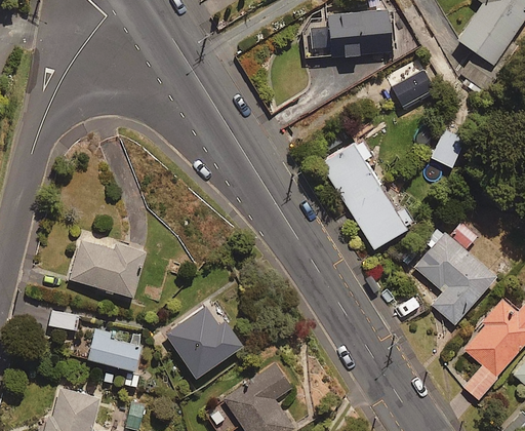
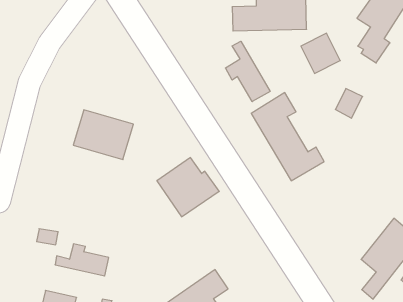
building: none -> [225,41,270,102]
building: [409,224,496,325] -> none
building: [70,234,147,298] -> [73,110,133,160]
building: [164,303,244,379] -> [157,158,219,217]

